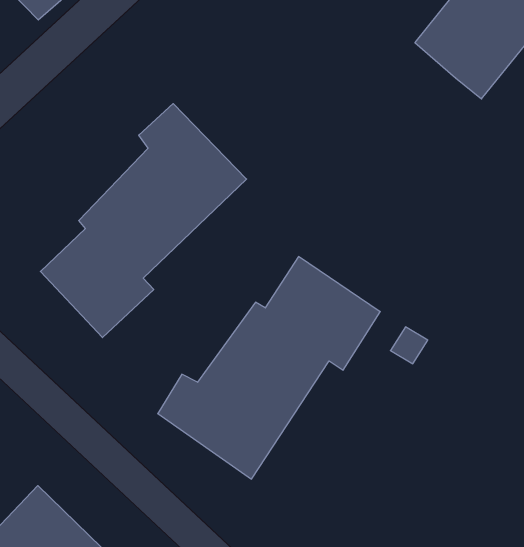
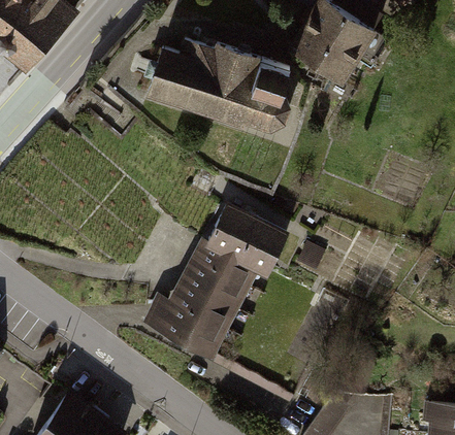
building: none -> [145,39,289,130]
building: [40,104,247,338] -> none

